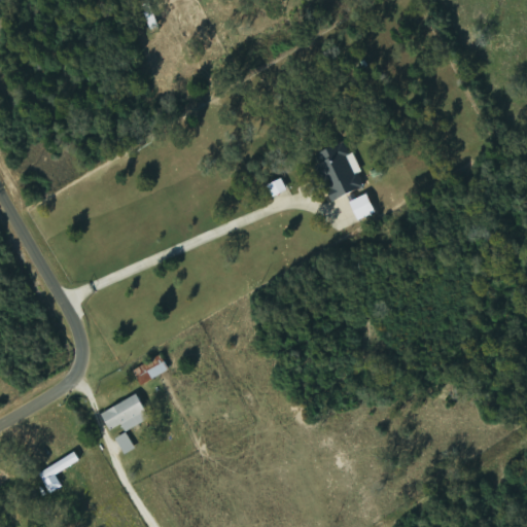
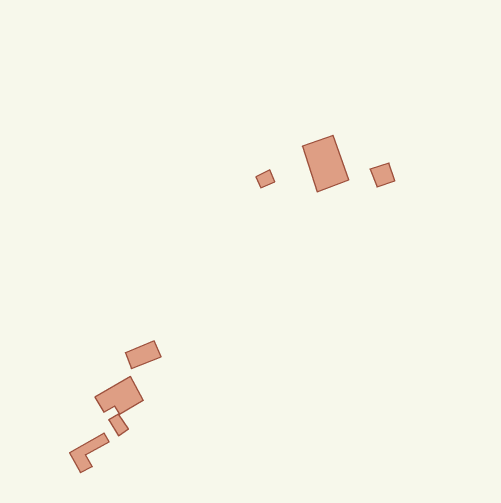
building: [349,194,375,218] -> [370,163,395,187]
building: [38,451,79,492] -> [70,433,109,473]

